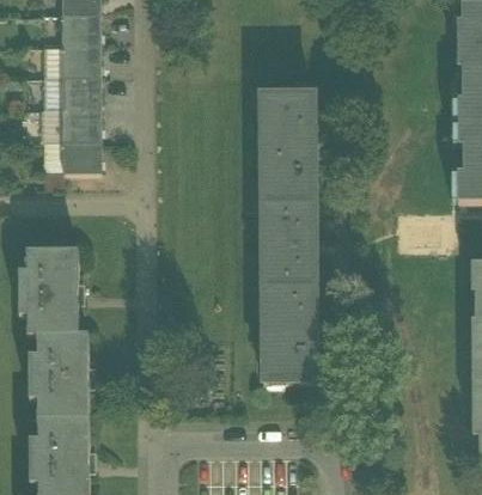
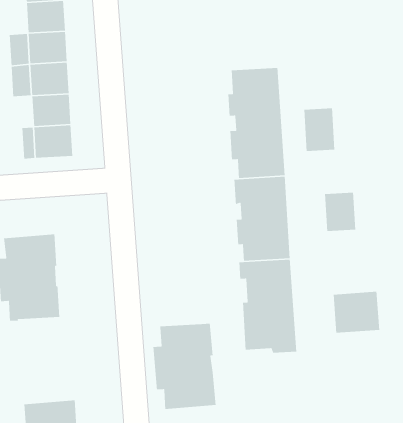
building: none -> [303,107,335,152]
building: none -> [324,192,356,232]
building: none -> [333,291,380,334]
building: [29,331,90,416] -> [152,323,217,410]

